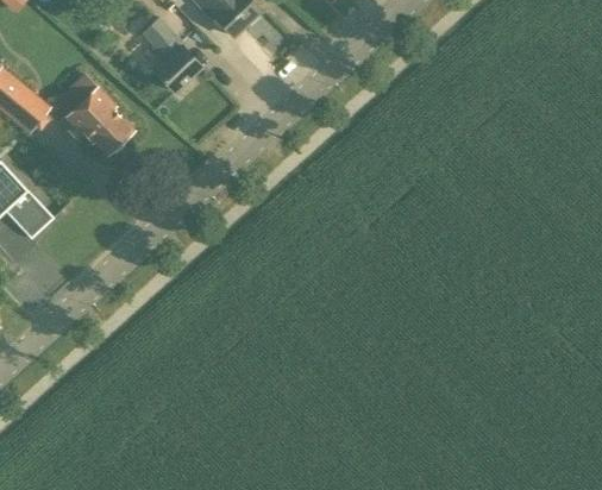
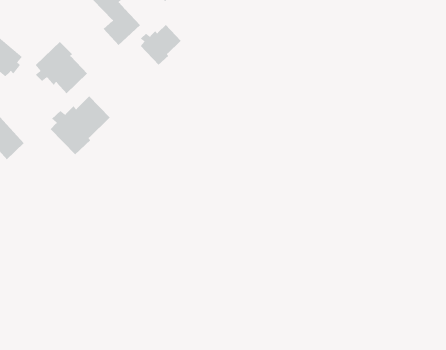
building: none -> [140,24,182,66]
building: none -> [50,95,111,155]

